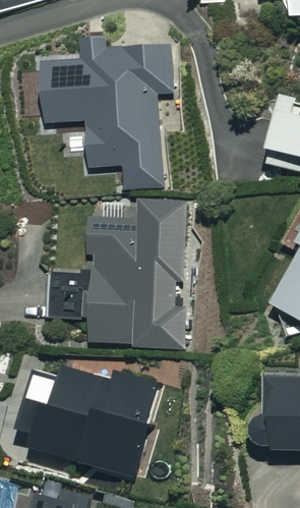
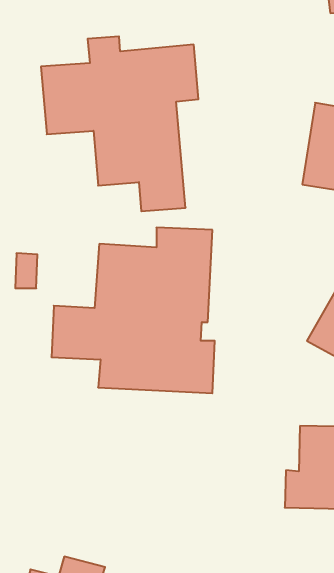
building: [14,366,156,476] -> none

